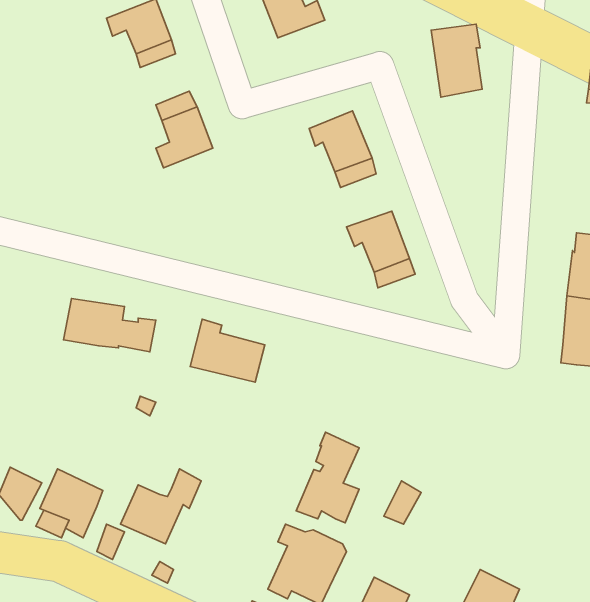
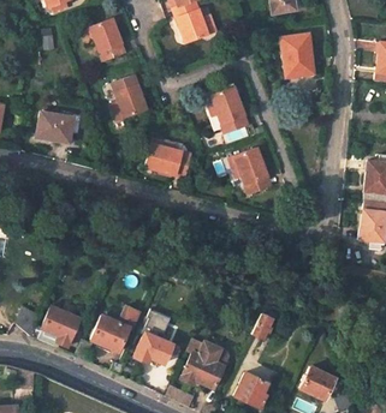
building: [63,299,156,352] -> [36,112,93,144]
building: [190,319,265,382] -> [146,138,191,176]
building: [296,432,359,523] -> [133,309,172,364]

